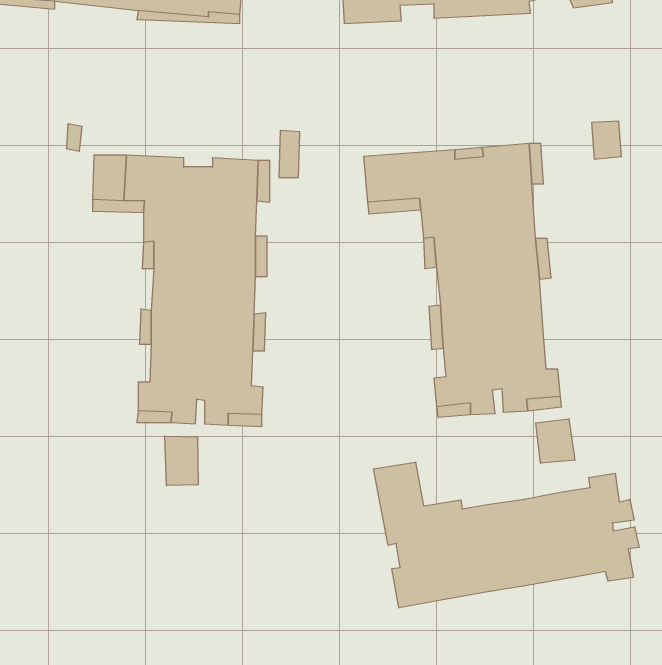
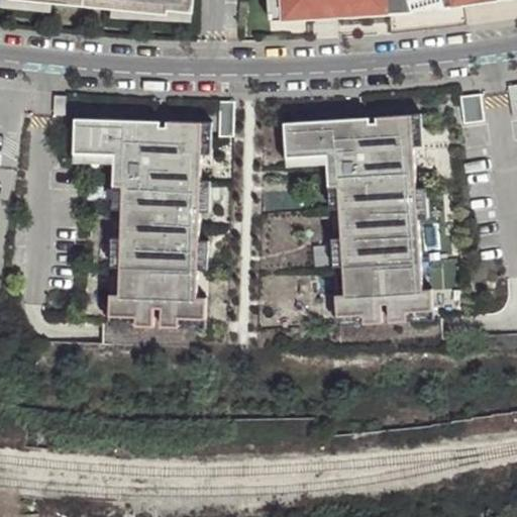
building: [536,419,575,463] -> none
building: [165,436,198,486] -> none
building: [374,462,639,608] -> none

